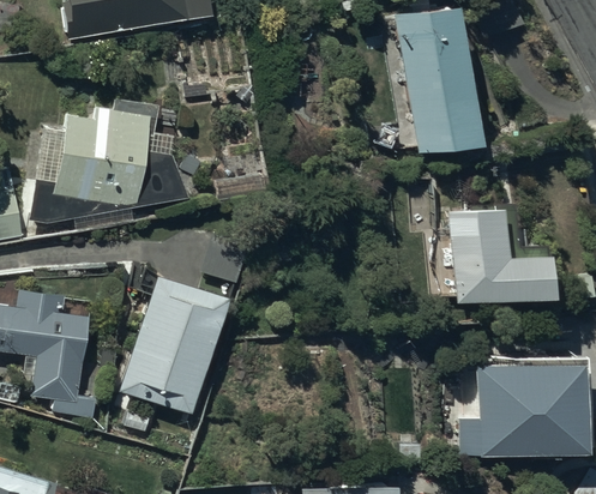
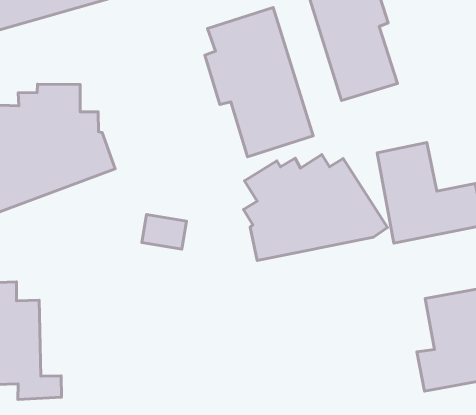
building: none -> [205,8,313,157]
building: none -> [244,154,388,260]
building: [121,275,227,414] -> none

